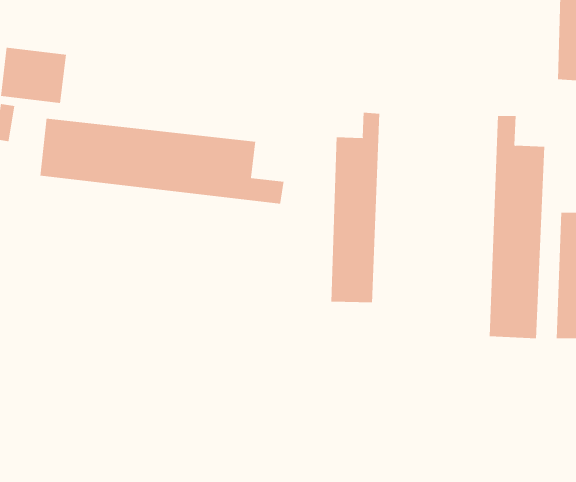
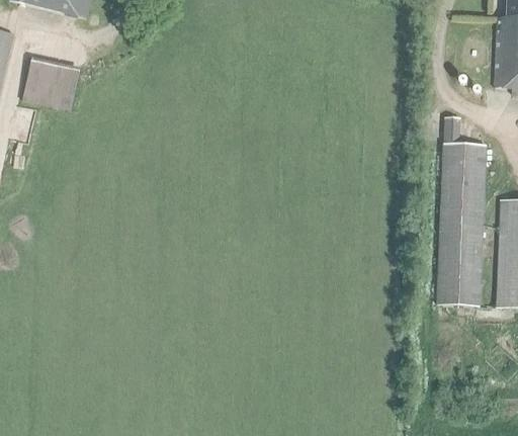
building: [331,112,380,303] -> none
building: [40,118,284,204] -> none

